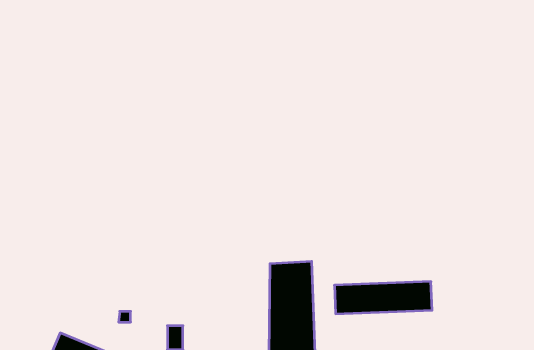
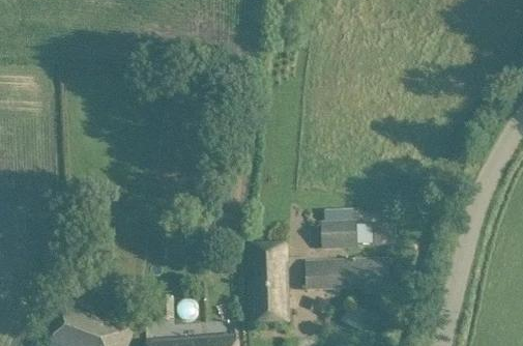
building: none -> [320,206,380,246]

